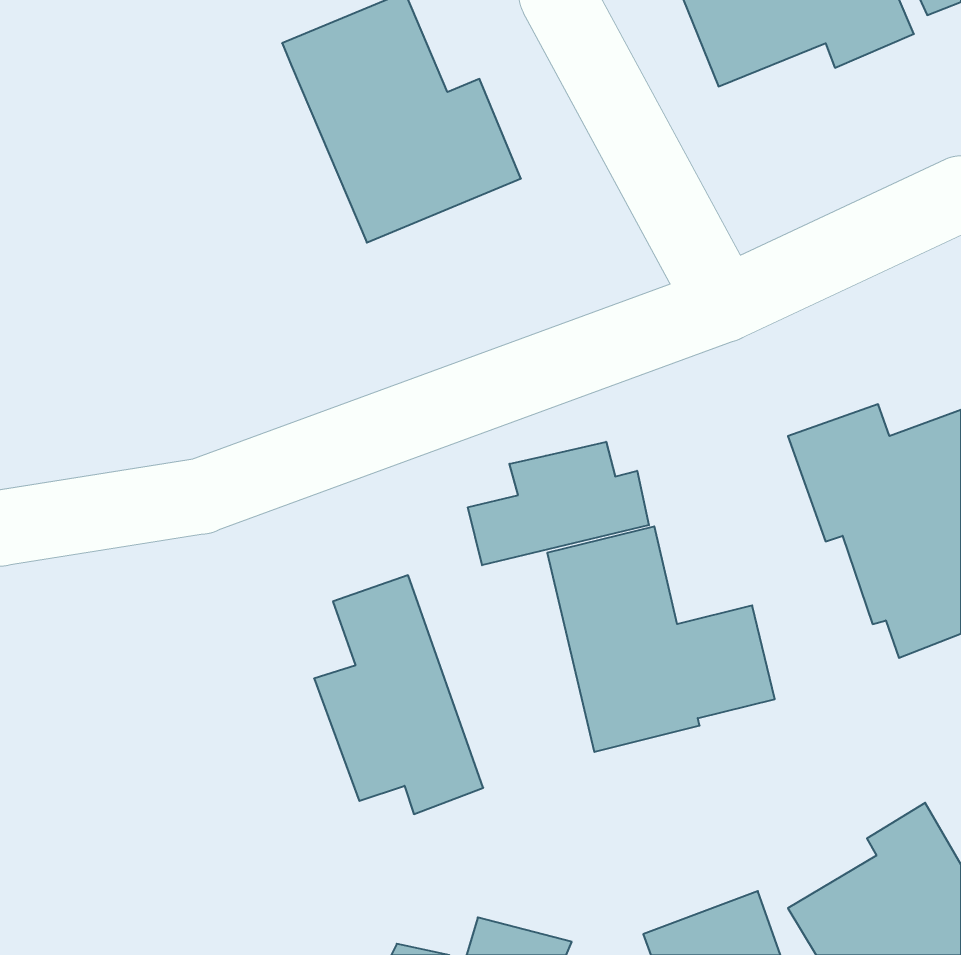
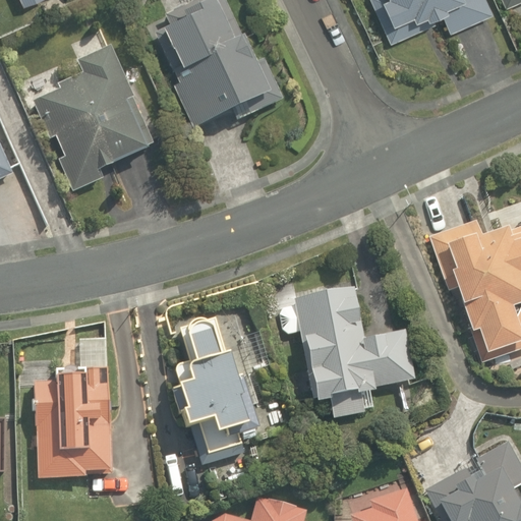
building: none -> [38,47,154,191]
building: [468,442,649,565] -> none
building: none -> [34,366,114,478]

